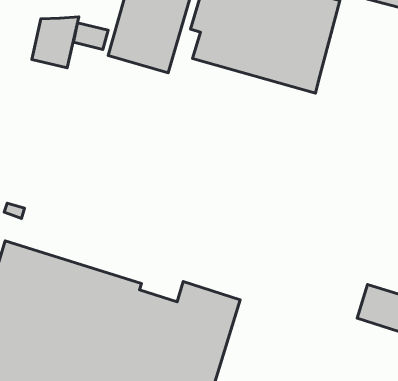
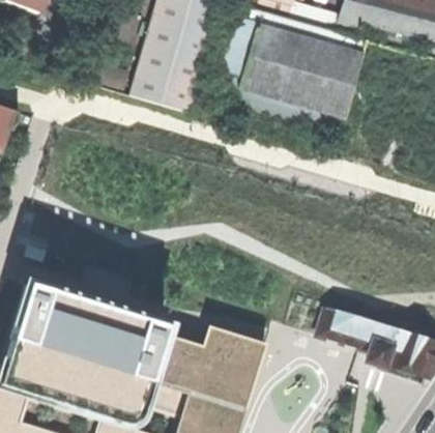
building: [32,17,79,68] -> none
building: none -> [318,305,396,364]

